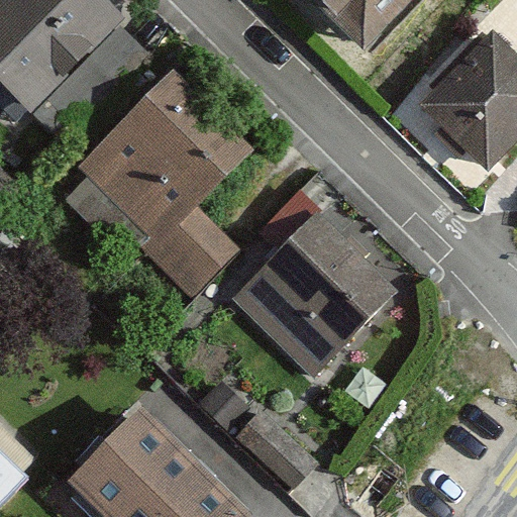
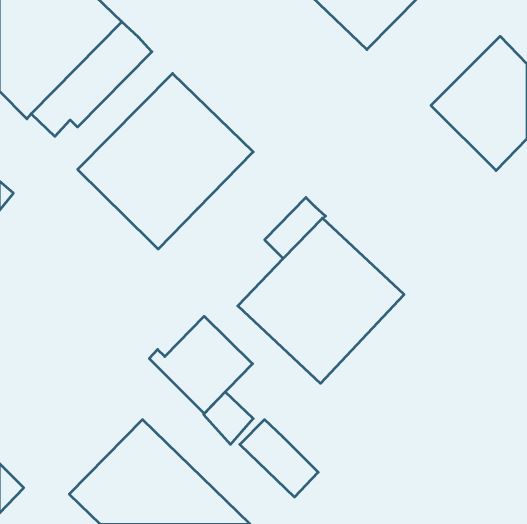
building: [139,204,240,299] -> [149,316,253,413]

